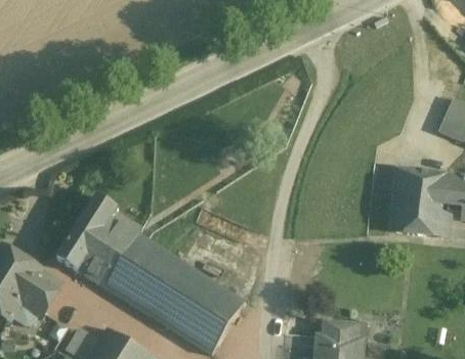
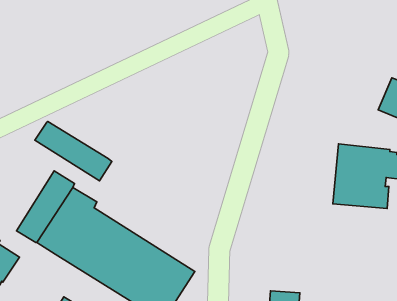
building: none -> [35,122,112,181]

